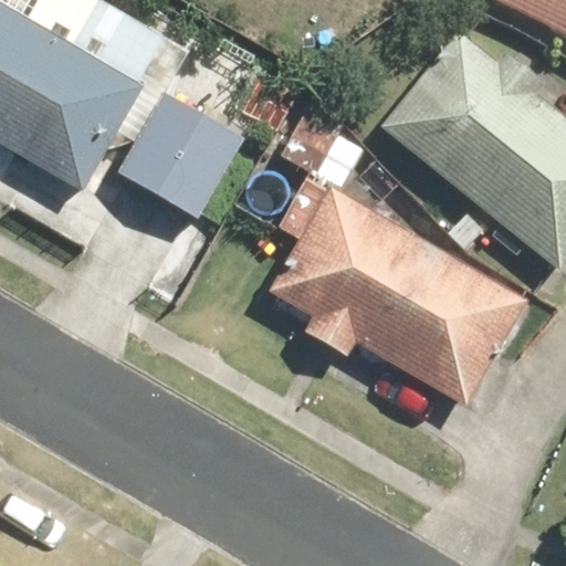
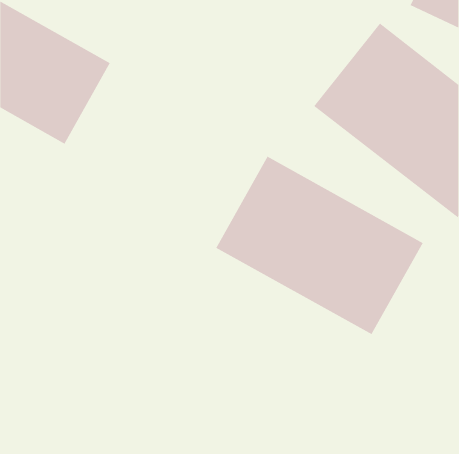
building: [126,94,249,216] -> none

